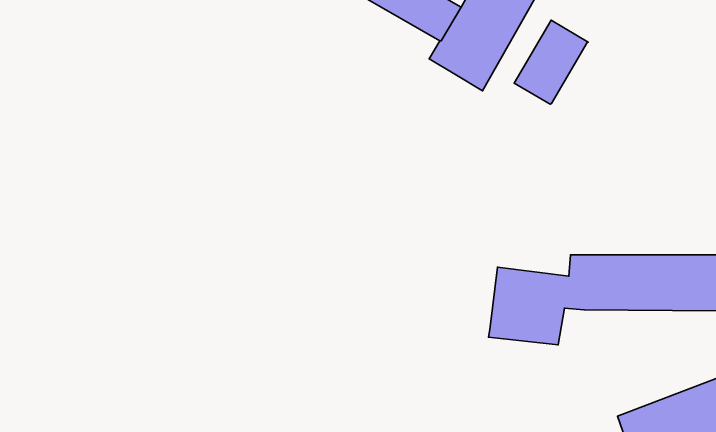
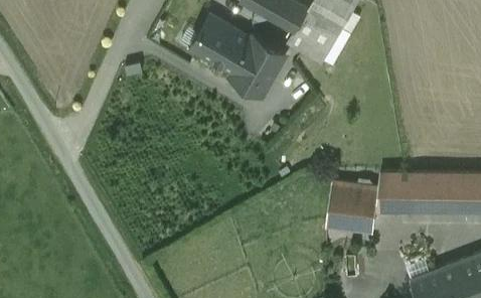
building: none -> [196,16,285,96]
building: [514,20,588,104] -> none

